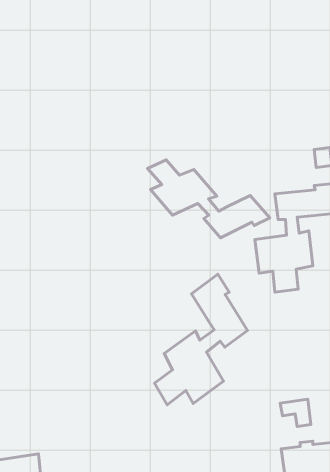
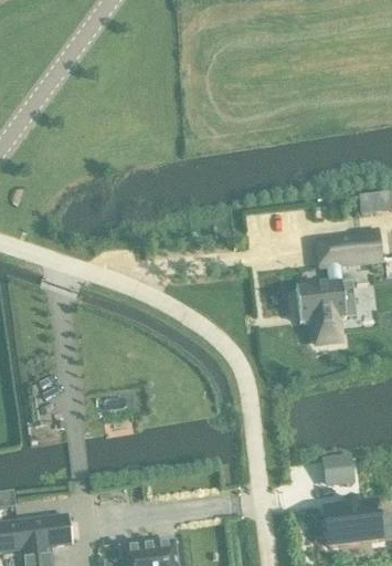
building: [148,160,270,238] -> none
building: [155,274,248,405] -> none

